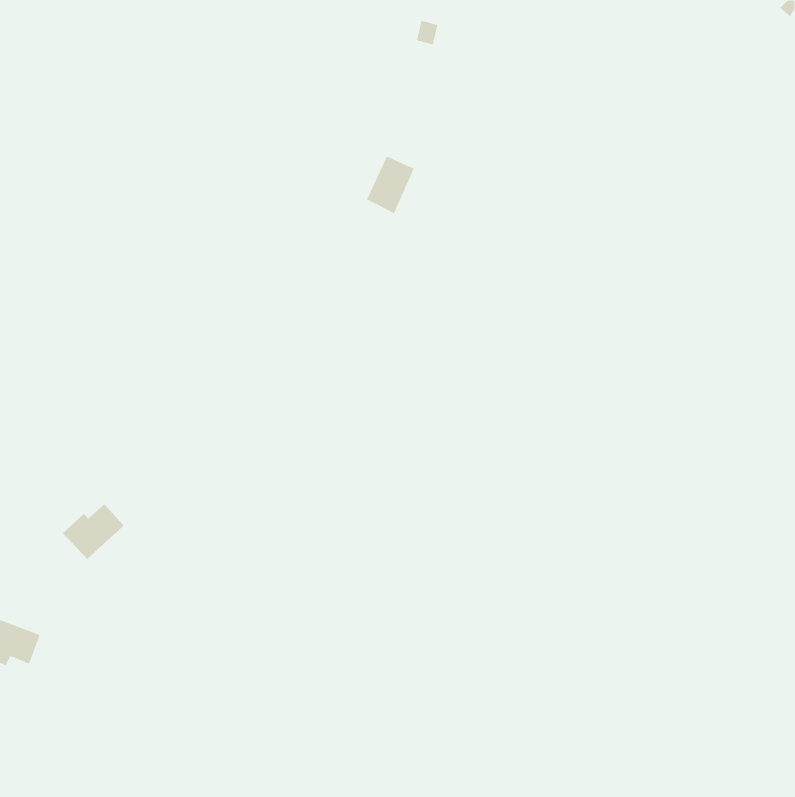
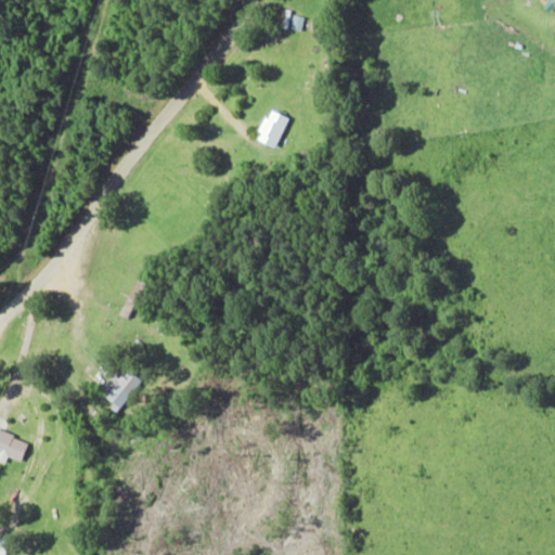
building: [62,504,124,560] -> [100,369,143,408]

